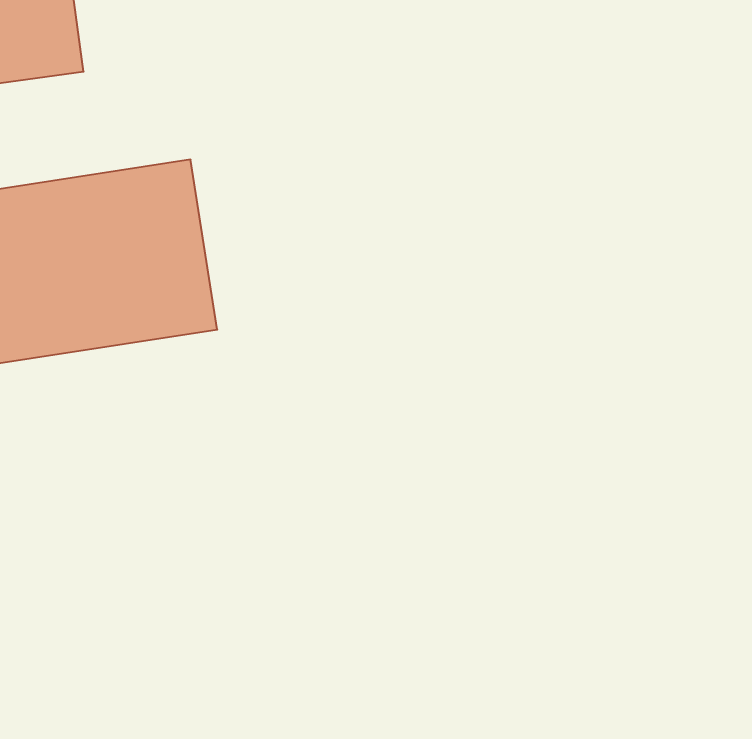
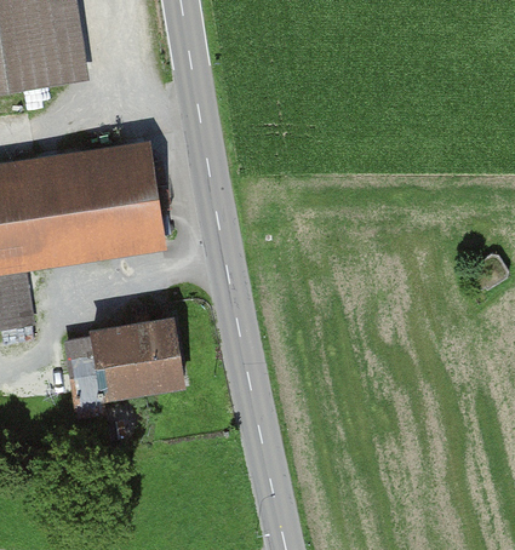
building: none -> [73,322,177,411]

